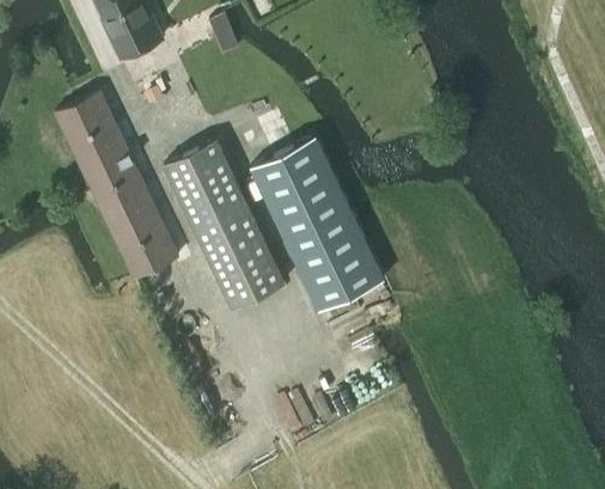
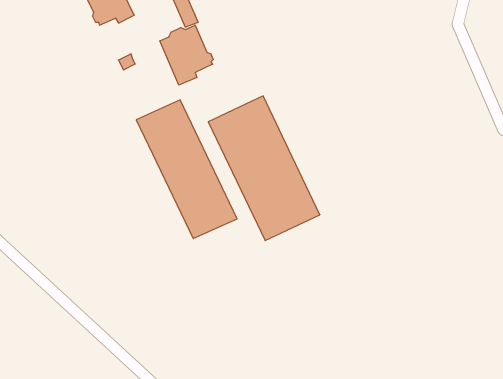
building: none -> [160,25,213,85]
building: [54,93,178,280] -> none

